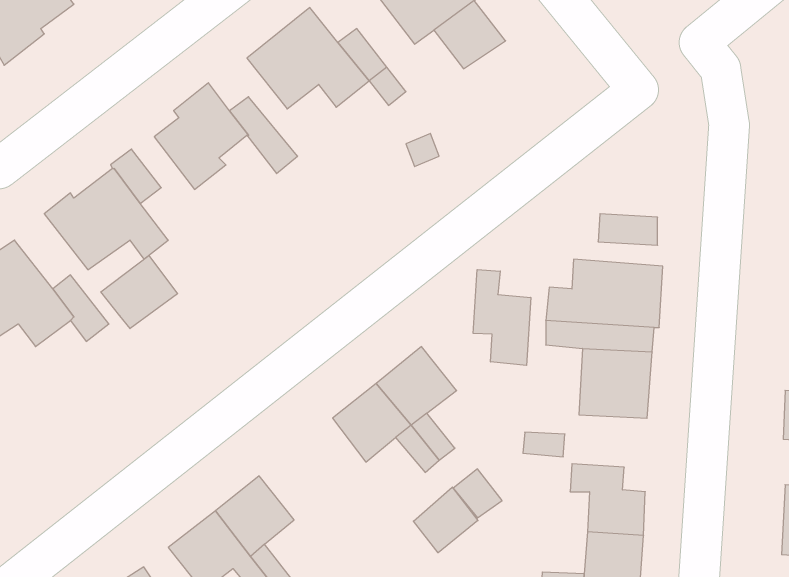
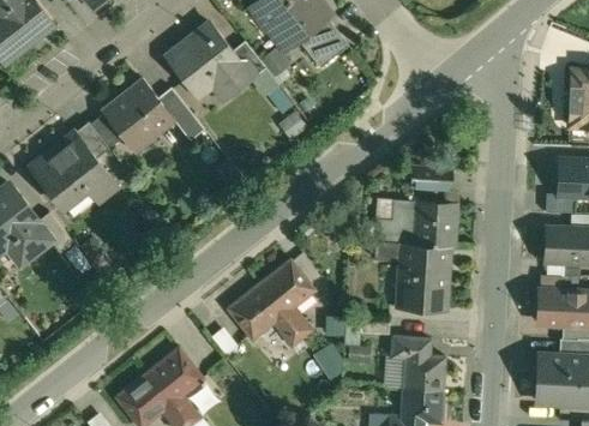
building: [101,255,178,329] -> none
building: [473,270,531,365] -> none
building: [413,487,478,553] -> none

